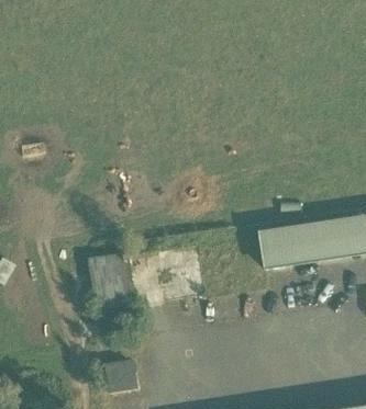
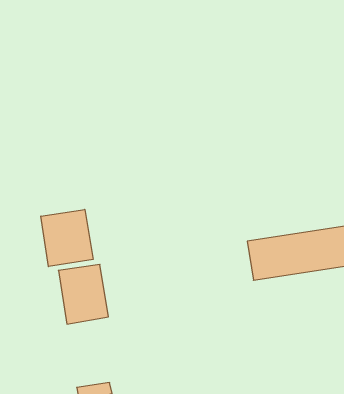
building: none -> [41,209,93,267]

